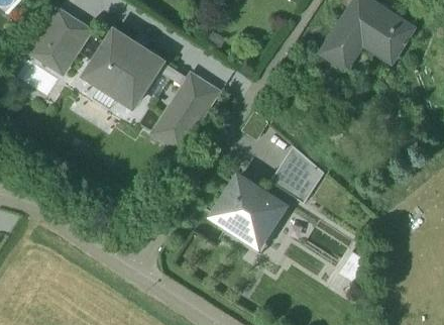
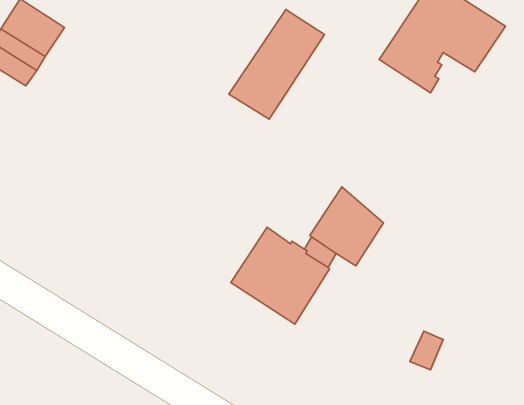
building: [85,29,162,106] -> none
building: [148,77,218,156] -> [229,10,325,119]

